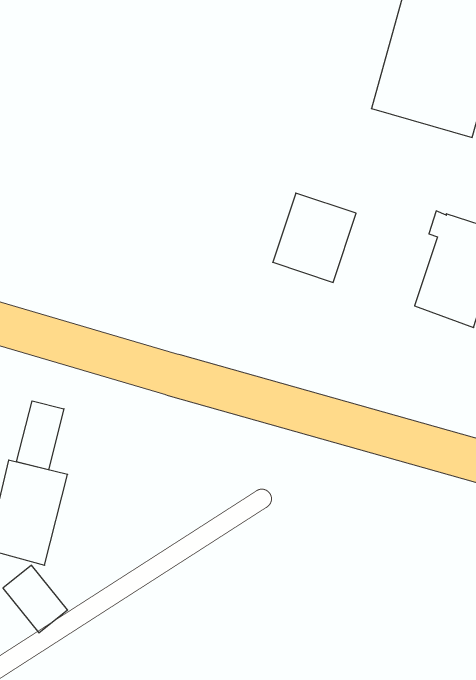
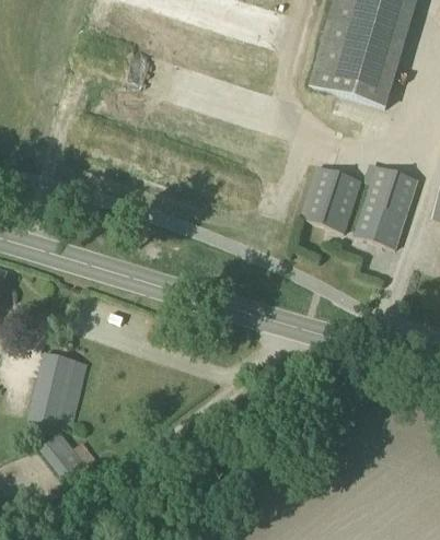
building: [273,193,356,282] -> [298,165,361,233]
building: [17,401,64,470] -> none

